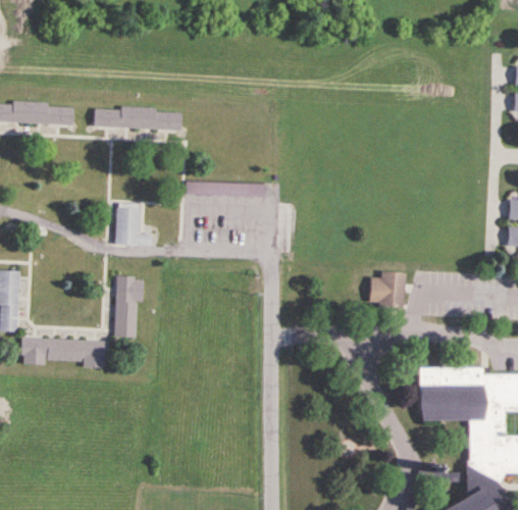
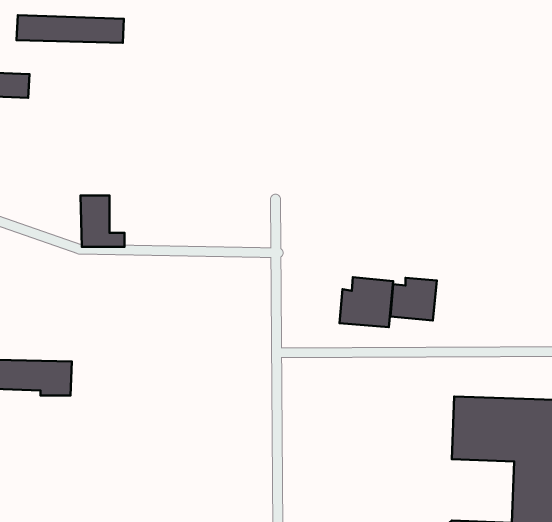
building: [94,107,182,130] -> [17,15,124,43]
building: none -> [339,277,393,327]
building: [115,276,144,338] -> none

